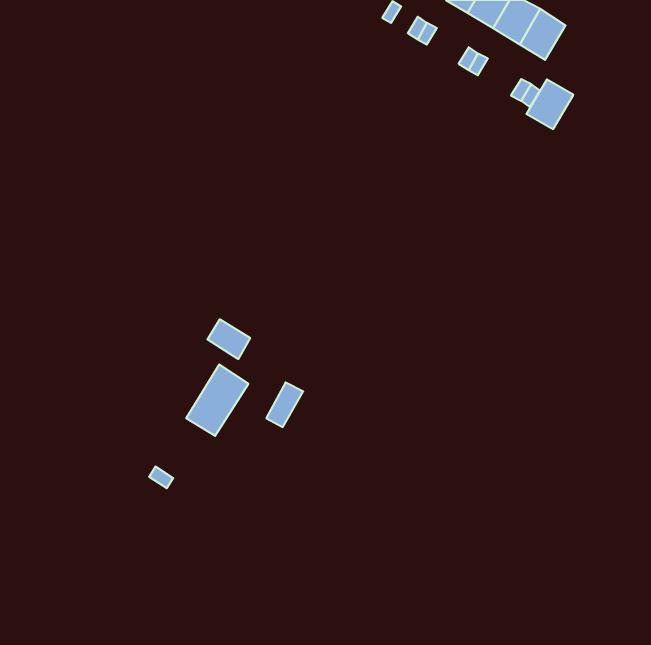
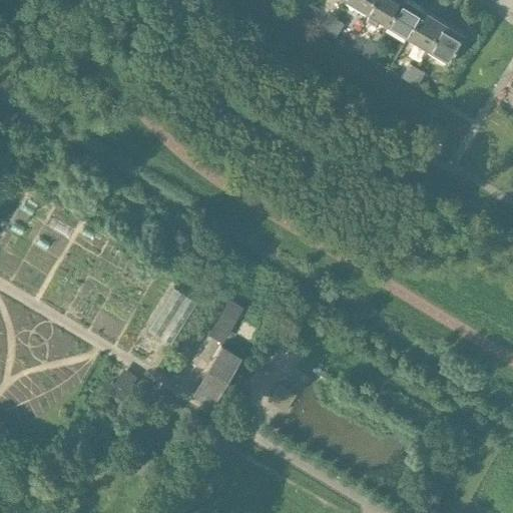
building: [526,79,573,129] -> [429,25,466,64]
building: [207,319,250,359] -> none
building: none -> [190,348,239,408]

